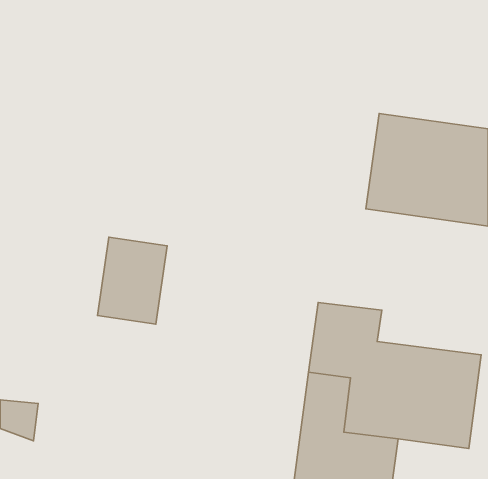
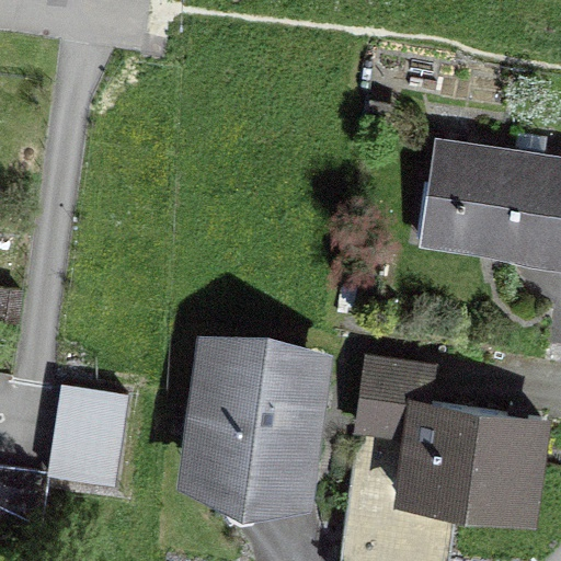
building: [97,237,167,324] -> [49,388,129,488]
building: none -> [194,348,316,489]

